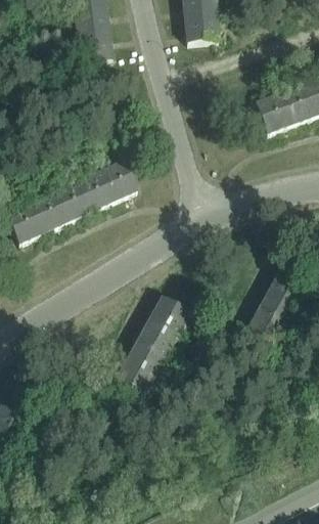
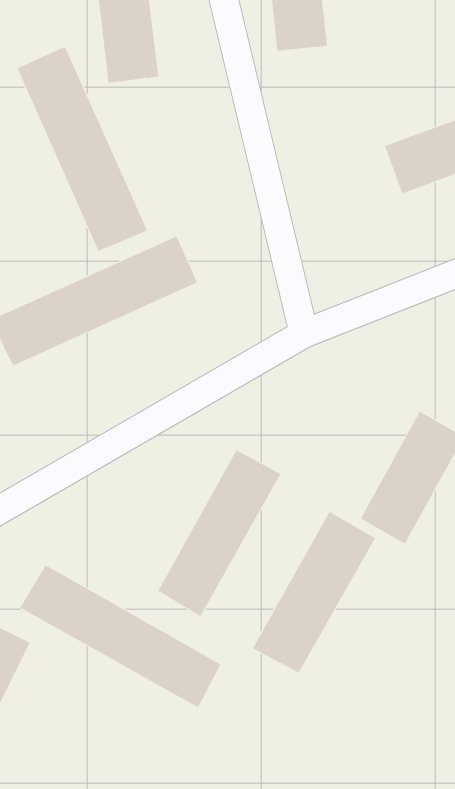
building: none -> [17,46,148,251]
building: none -> [252,511,376,674]
building: none -> [20,565,221,708]

